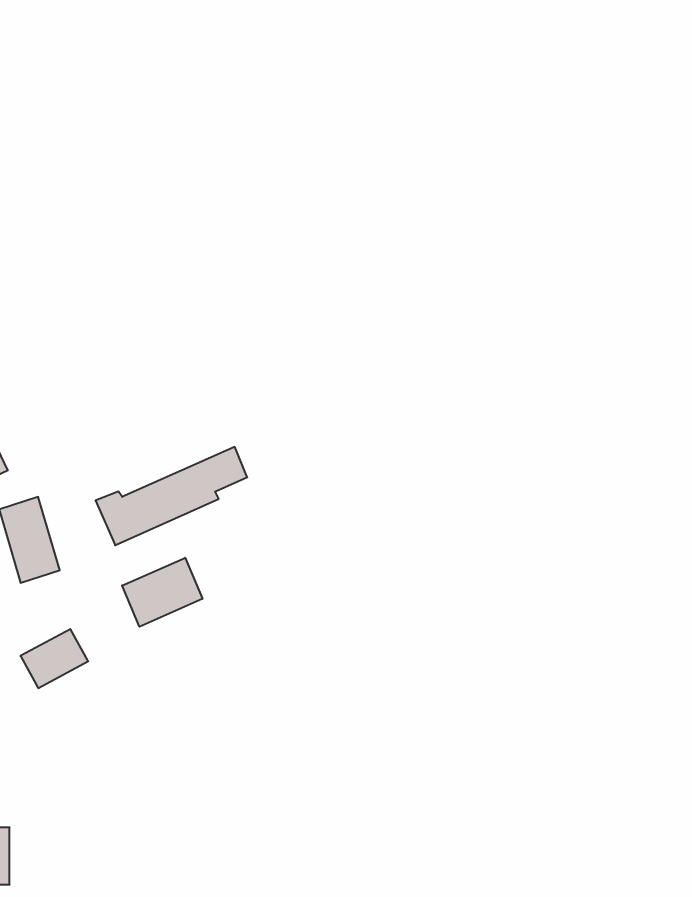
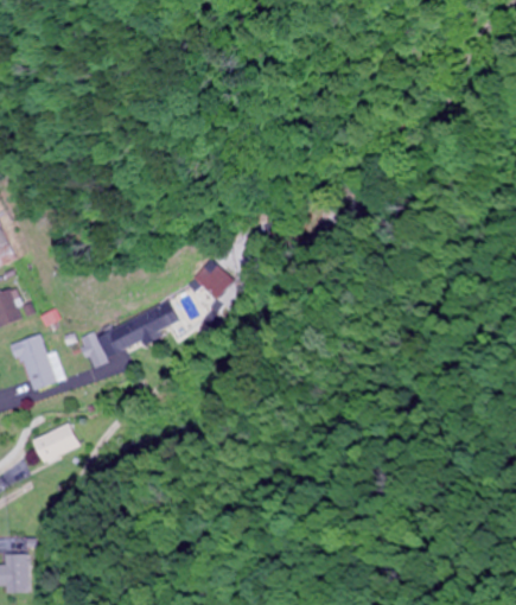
building: none -> [195,260,234,299]
building: [122,558,202,627] -> none

